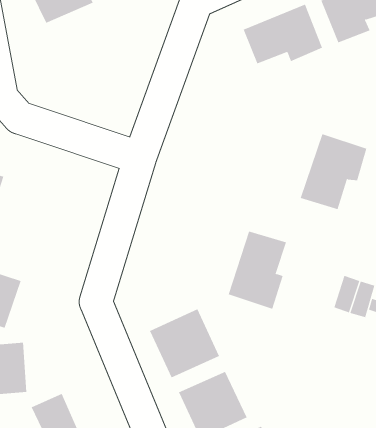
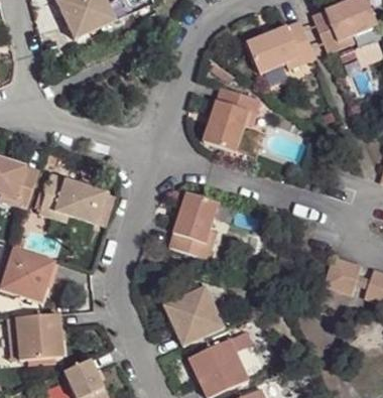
building: [300,133,367,210] -> [206,86,264,152]
building: none -> [39,173,107,223]
building: [228,231,287,309] -> [171,192,223,261]

